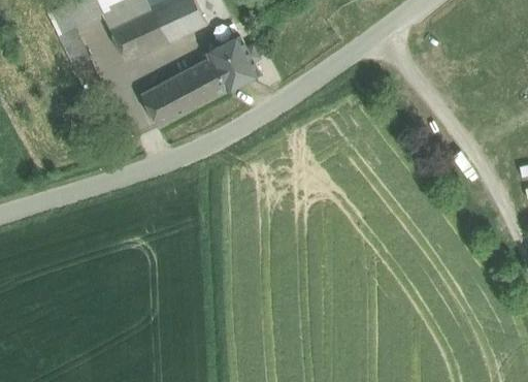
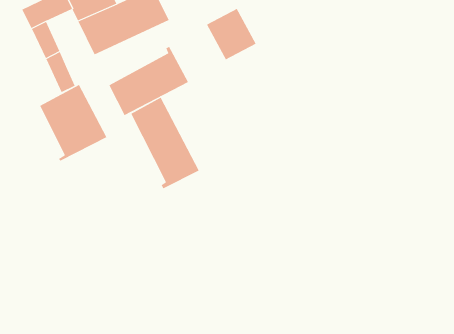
building: [206,34,260,90] -> [206,8,257,60]
building: none -> [40,84,107,162]
building: none -> [130,97,200,189]

